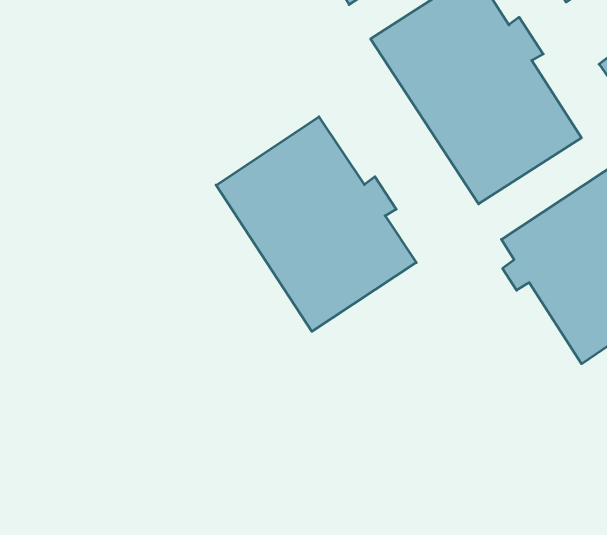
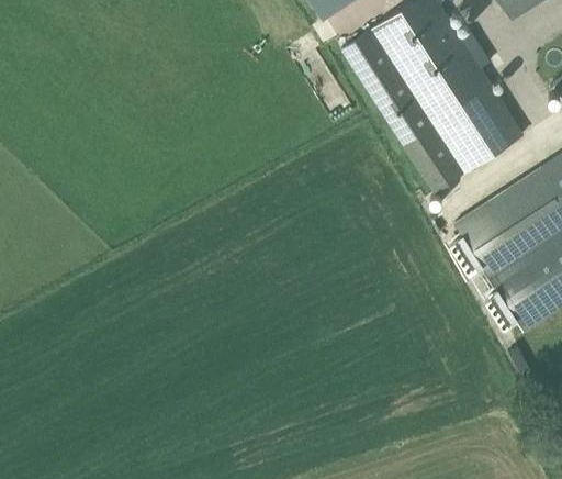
building: [216,117,416,331] -> none

